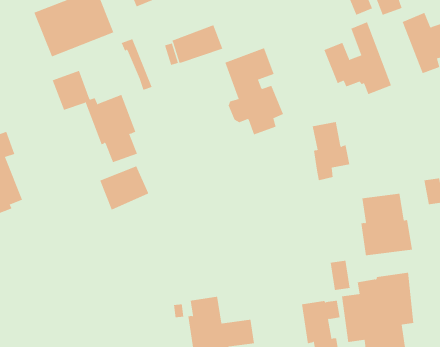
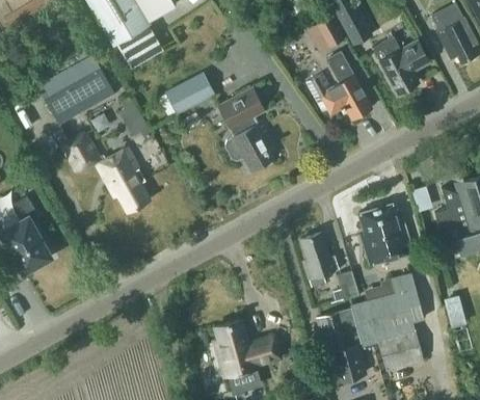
building: [312,122,350,181] -> [300,232,340,288]
building: [100,166,149,211] -> none

